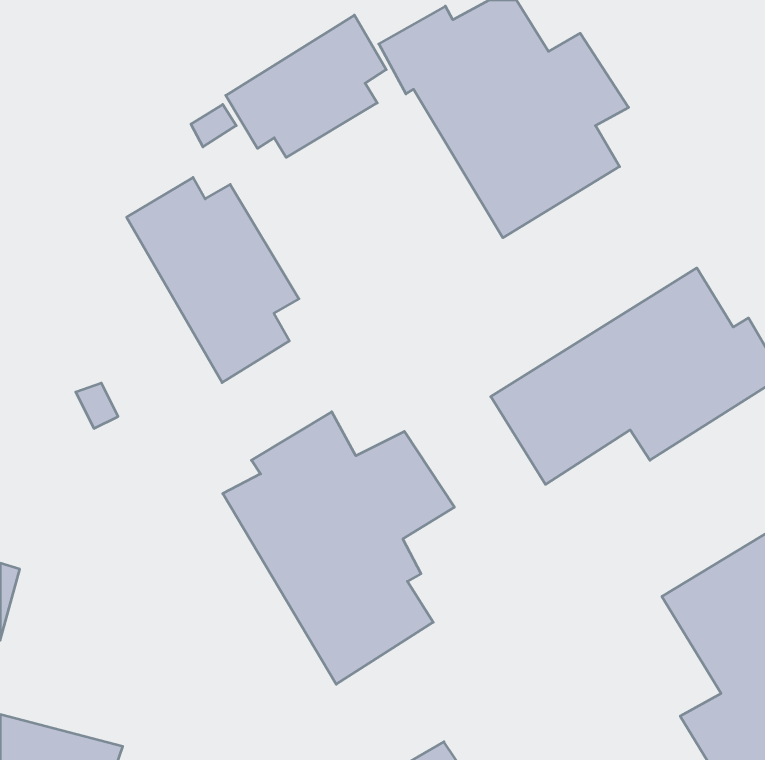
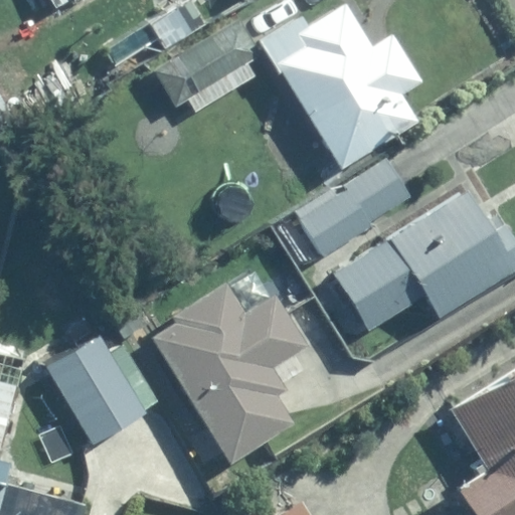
building: [127,177,299,383] -> none
building: none -> [300,165,410,260]
building: none -> [45,334,146,446]

